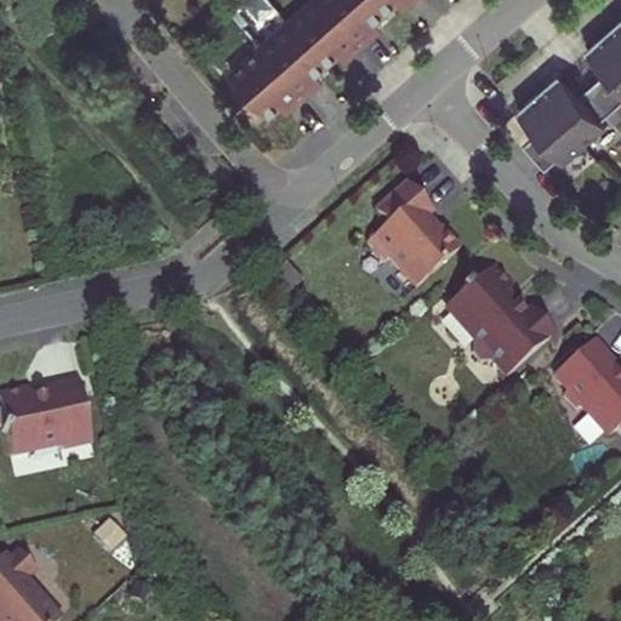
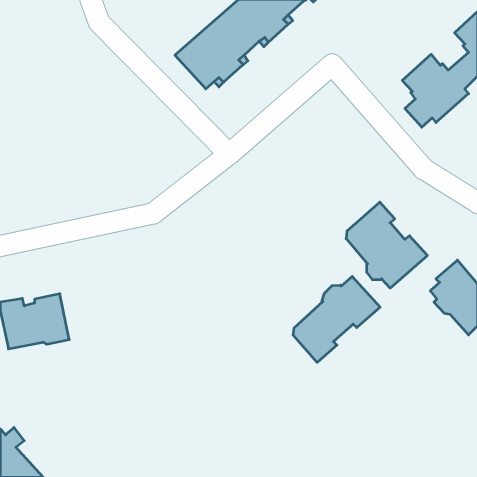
building: [368,180,458,284] -> none
building: none -> [293,276,380,362]

